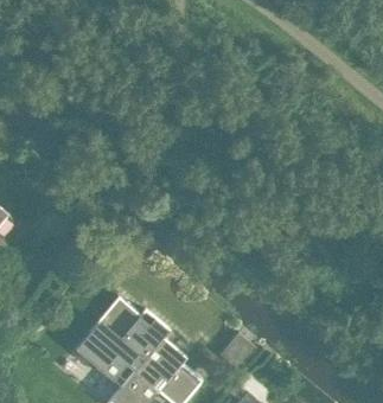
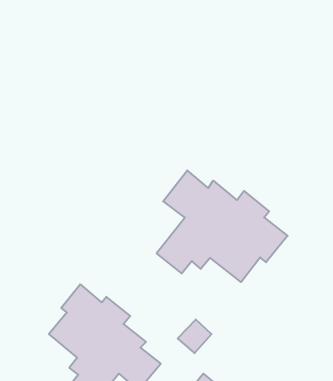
building: none -> [157,170,288,282]

